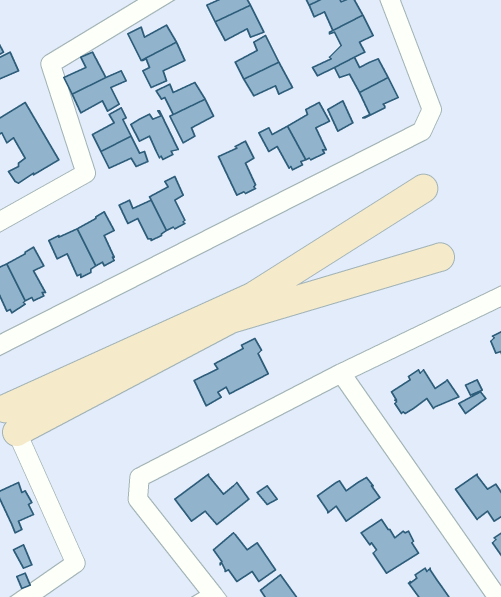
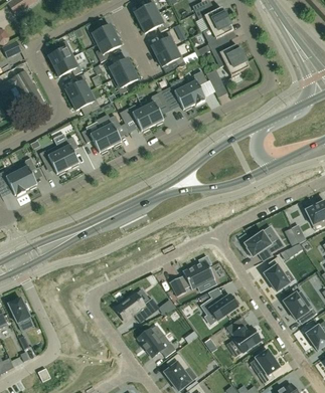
building: [131,111,178,160] -> [124,103,152,132]
building: [194,338,268,406] -> [170,255,214,296]
building: none -> [264,255,289,291]

